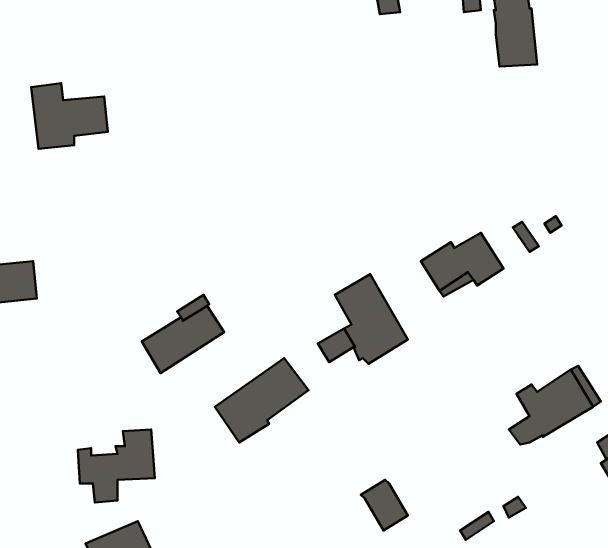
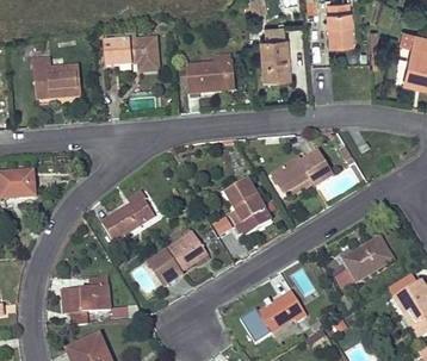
building: none -> [259,25,289,76]
building: none -> [104,37,157,71]
building: none -> [186,61,234,97]
building: none -> [259,292,305,331]

